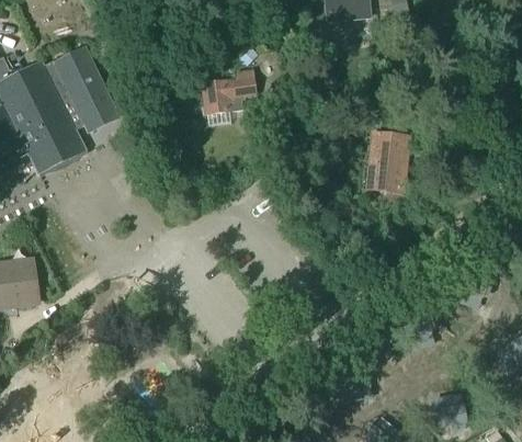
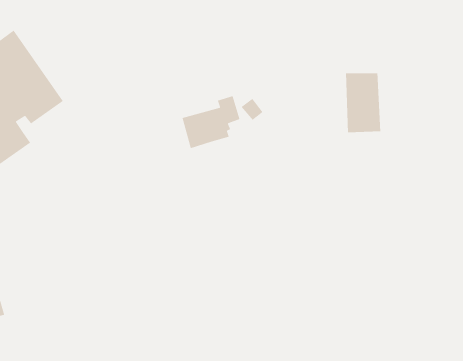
building: [203,70,256,113] -> [182,95,241,149]

